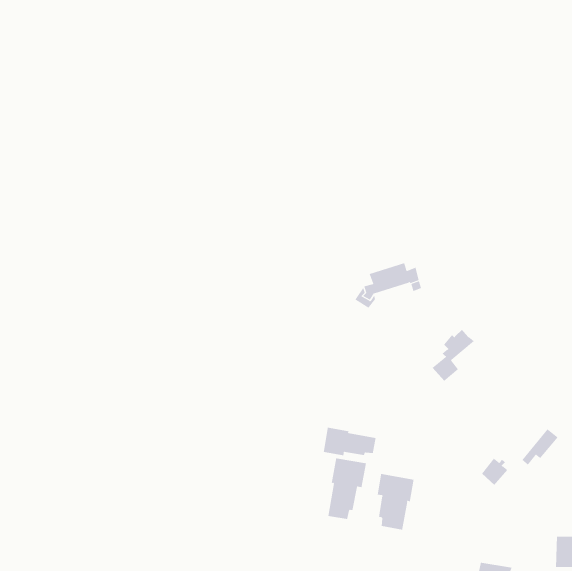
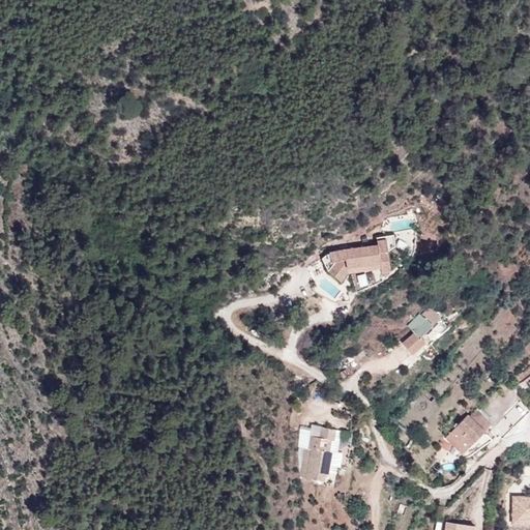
building: [323,427,376,456] -> none
building: [377,473,414,530] -> none

